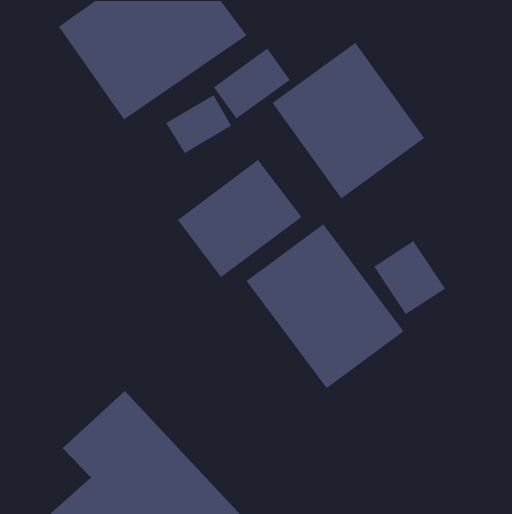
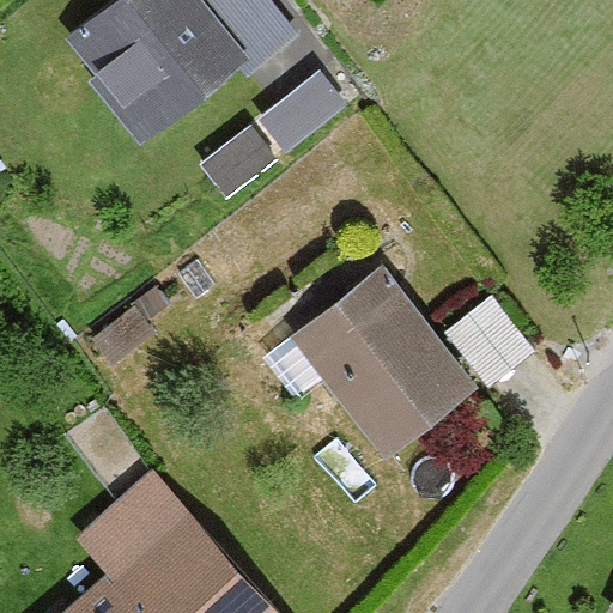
building: [272,42,425,199] -> none
building: [177,159,302,278] -> none

